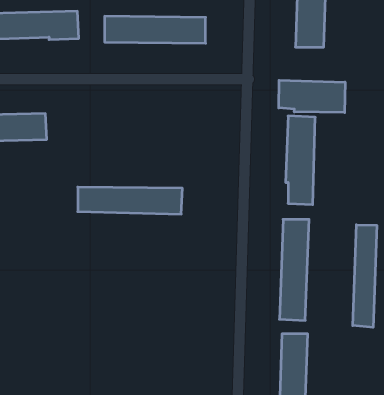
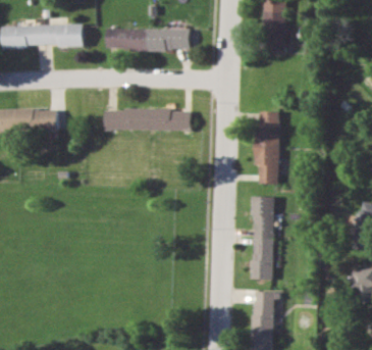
building: [279,80,345,113] -> none
building: [78,187,182,214] -> [104,108,191,131]
building: [353,225,377,327] -> none

